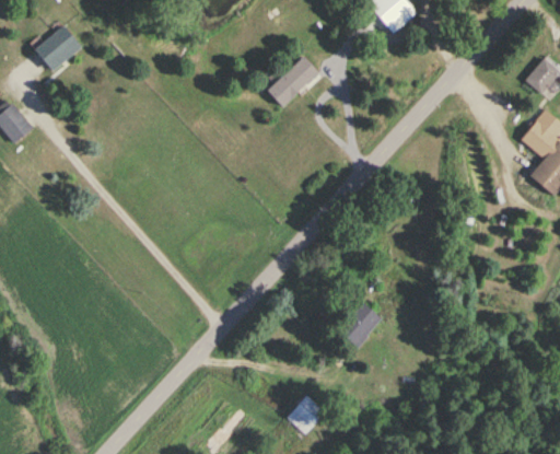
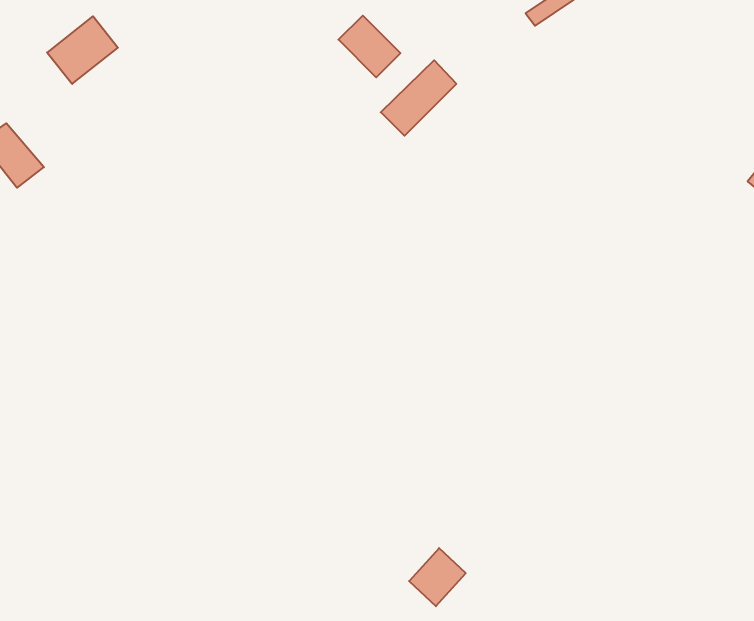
building: none -> [338,16,400,77]
building: [338,301,382,346] -> none

